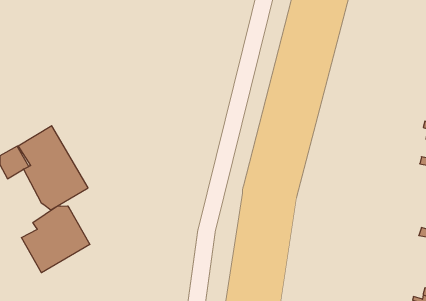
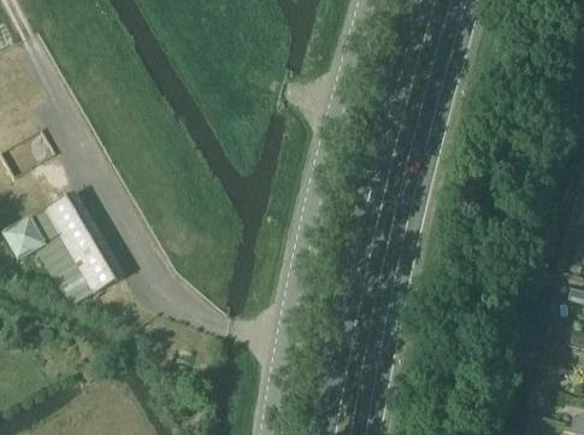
building: [21,206,90,273] -> none

